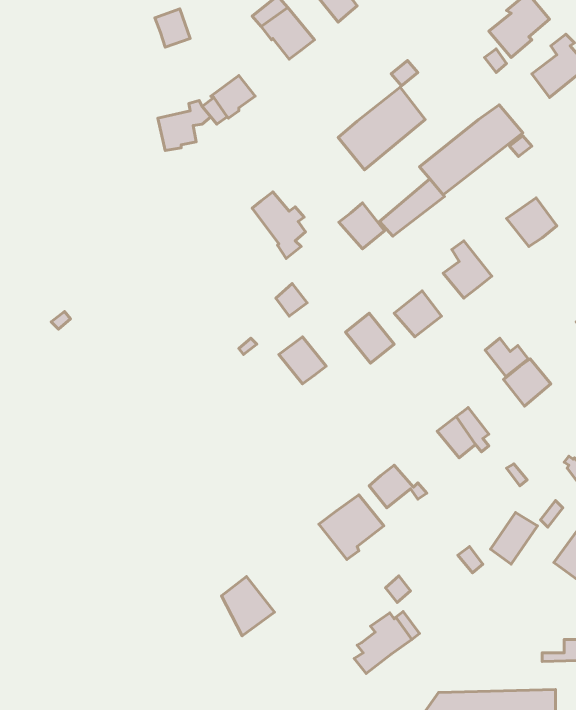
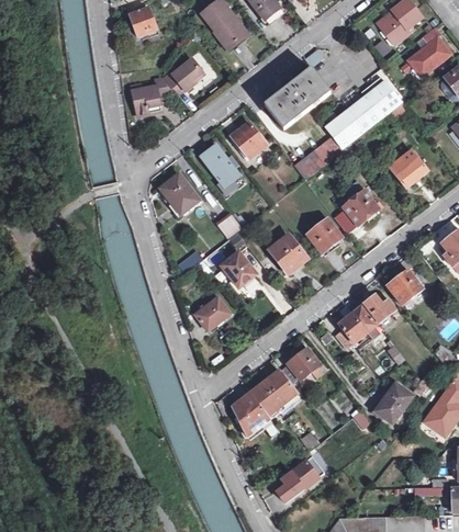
building: [339,203,385,249] -> [231,123,265,157]
building: none -> [160,174,200,213]
building: [485,338,528,377] -> [363,294,395,322]
building: none -> [194,297,231,330]
building: [221,577,275,636] -> [232,392,271,435]

